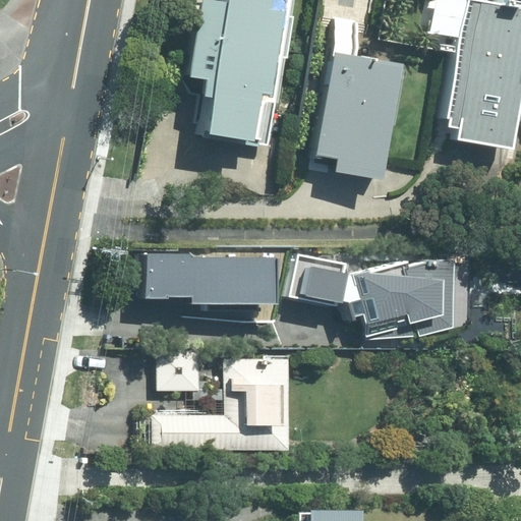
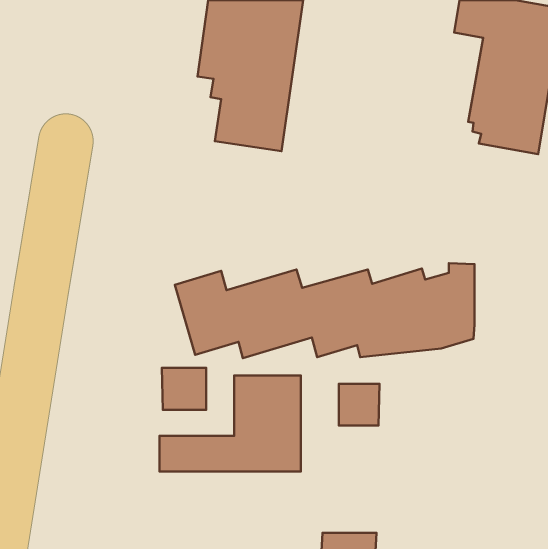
building: [319,50,399,178] -> none
building: none -> [339,384,379,425]

